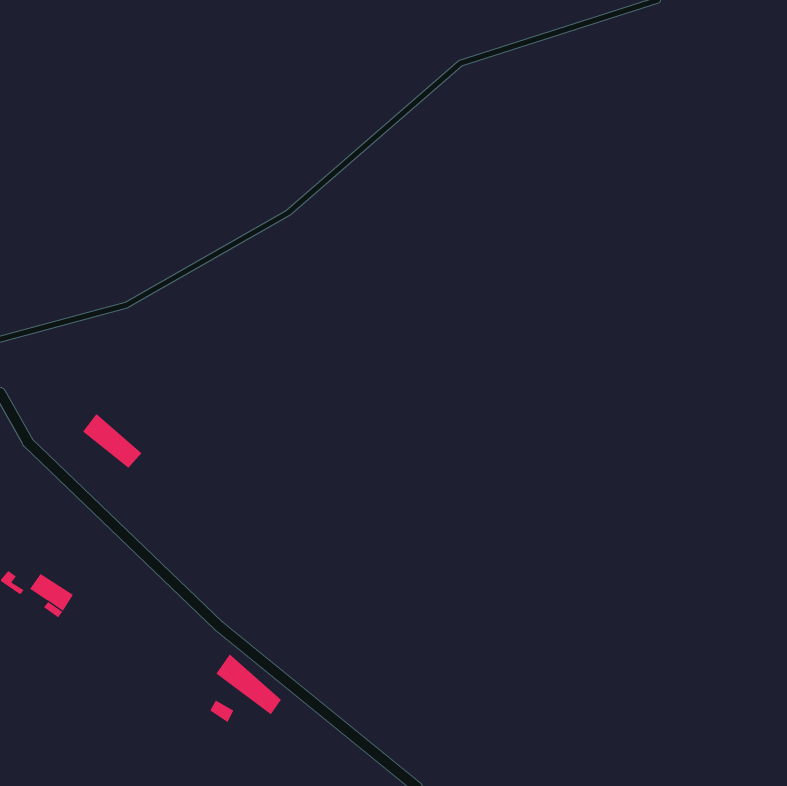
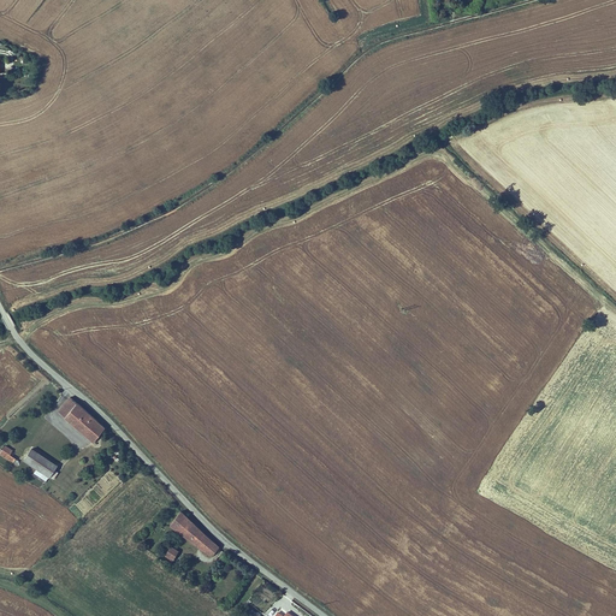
building: [82,413,142,469] -> [58,398,105,442]

